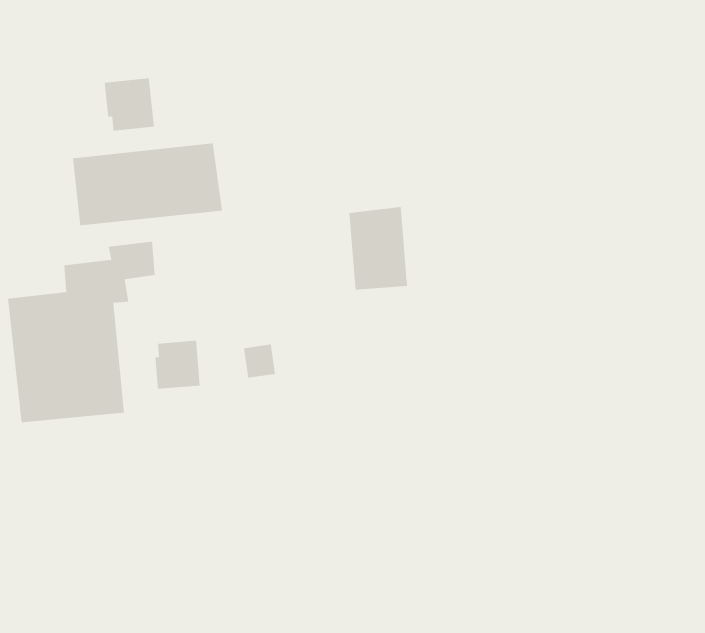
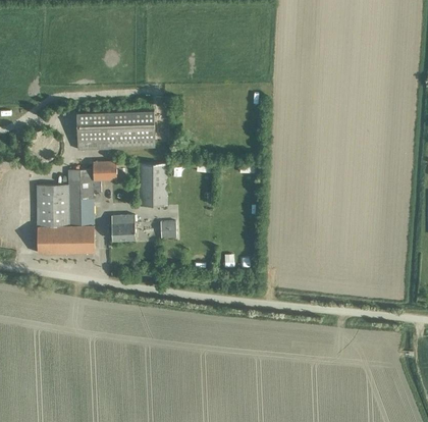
building: [104,77,154,132] -> none
building: [349,207,408,290] -> [139,163,167,206]

